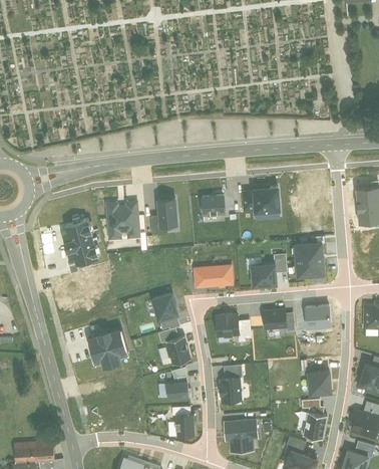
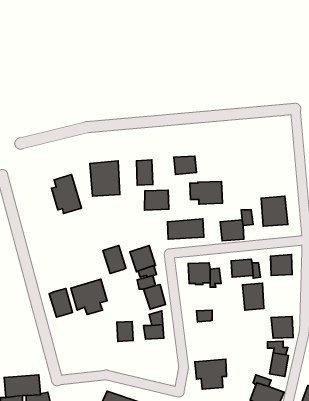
building: [243,191,279,216] -> [190,181,223,204]
building: none -> [145,190,169,210]
building: none -> [103,246,126,273]
building: none -> [243,283,264,310]
building: none -> [49,288,72,317]
building: [219,378,240,403] -> none
building: [175,414,194,436] -> [117,321,133,341]

